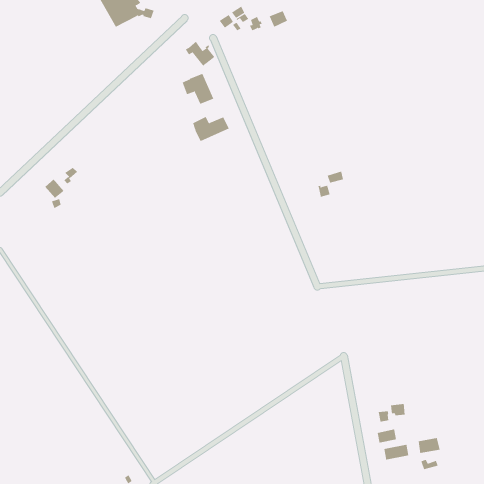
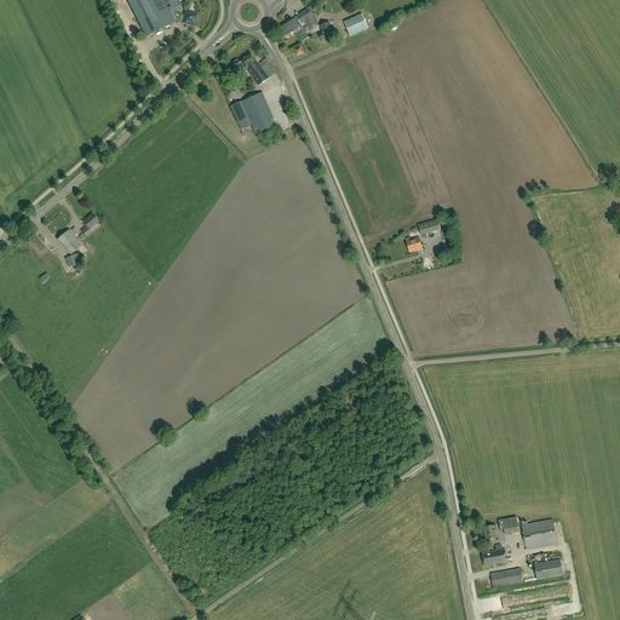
building: [192,116,229,142] -> none
building: none -> [522,518,557,549]

